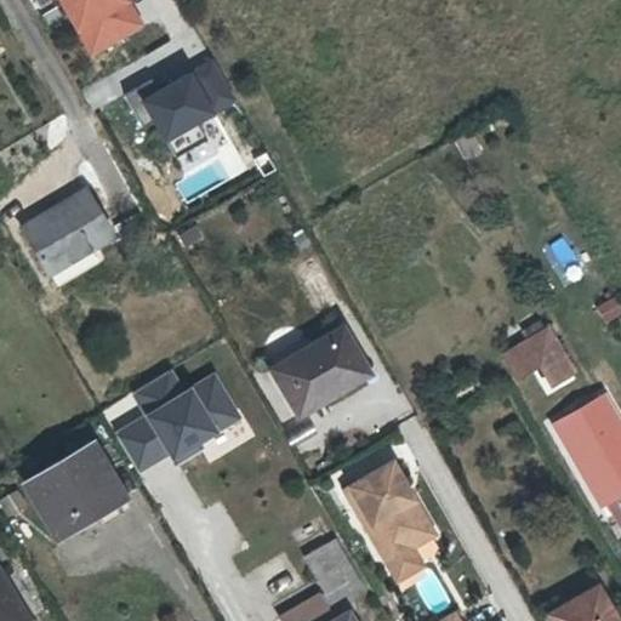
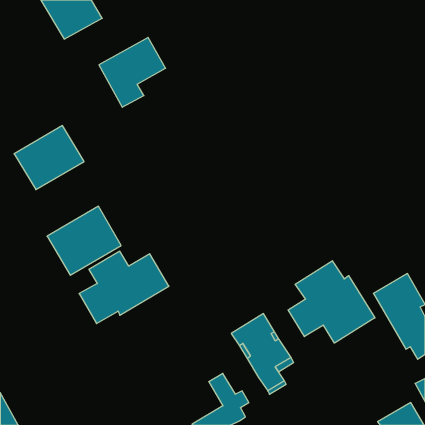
building: [270,331,366,418] -> none
building: [505,331,572,384] -> none
building: none -> [288,261,375,343]
building: [23,438,131,539] -> [47,206,121,275]

